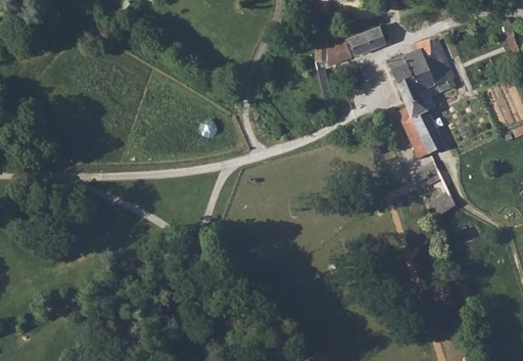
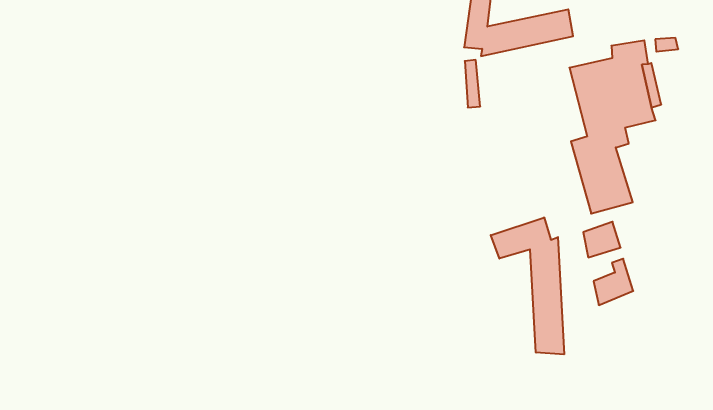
building: none -> [491,217,564,354]

